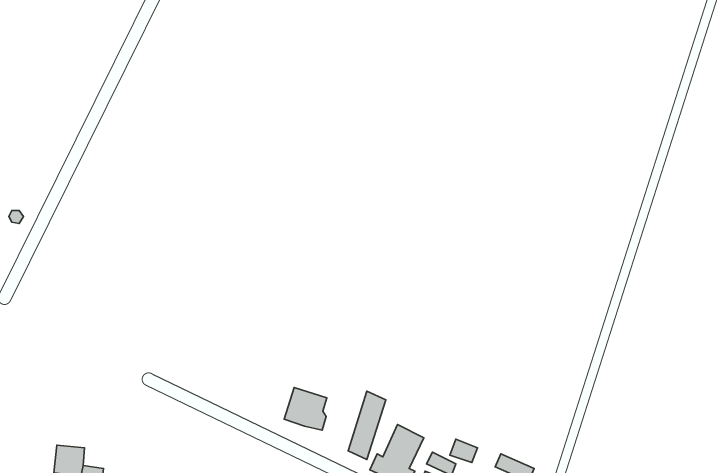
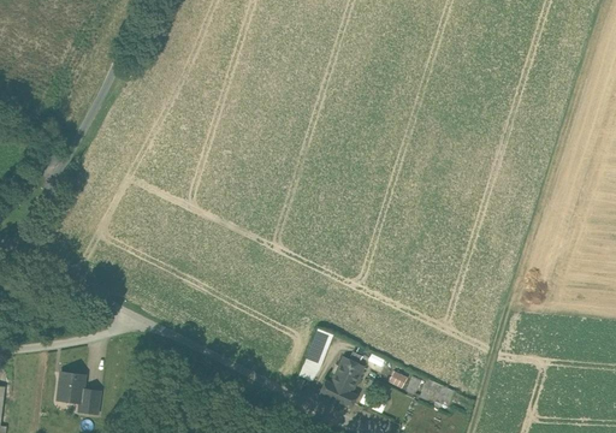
building: [284,388,327,430] -> none

